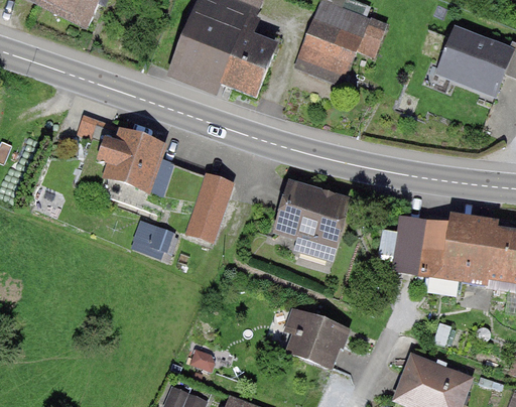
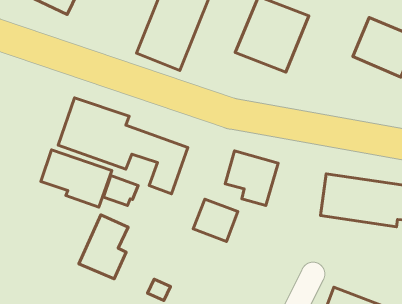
building: [225,23,284,103] -> none
building: none -> [41,150,112,207]
building: none -> [79,215,128,279]
building: [290,311,345,363] -> [193,199,238,241]

